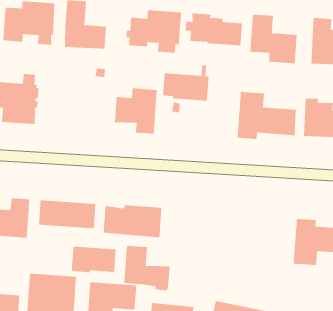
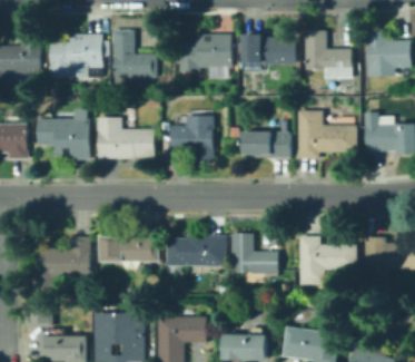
building: [162,65,209,101] -> [243,120,289,157]
building: none -> [97,116,154,158]
building: none -> [299,235,356,283]
building: [124,245,170,291] -> [231,233,278,276]
building: [71,246,116,273] -> none

